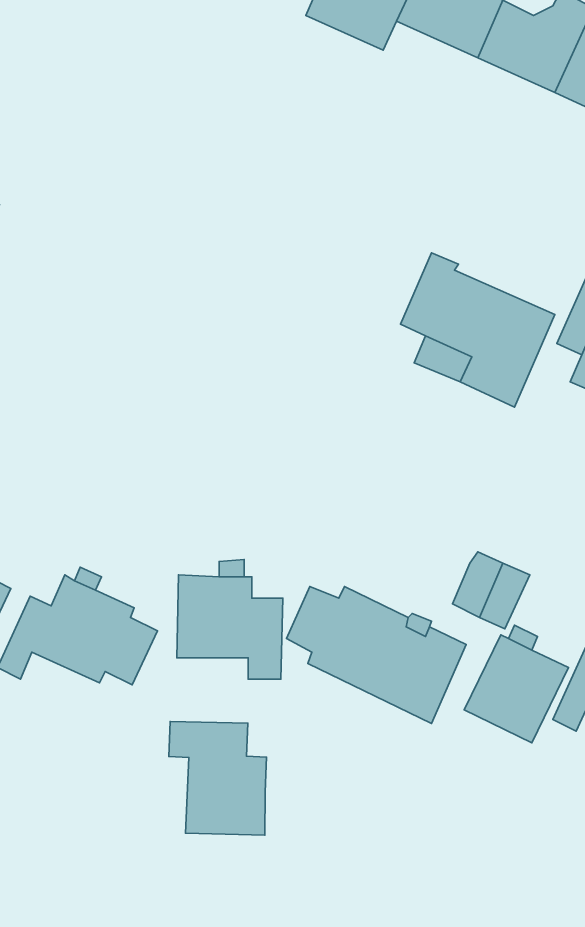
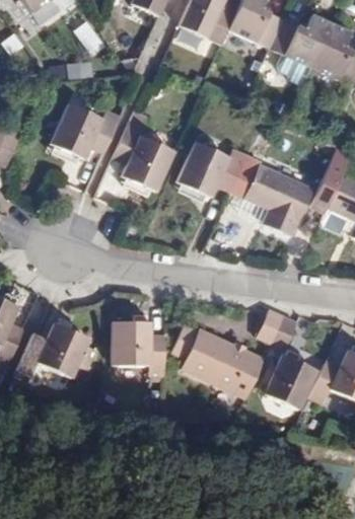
building: none -> [48,102,119,156]
building: none -> [110,119,170,190]
building: none -> [183,143,246,197]
building: [169,721,267,835] -> none

